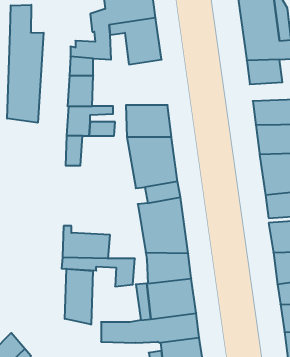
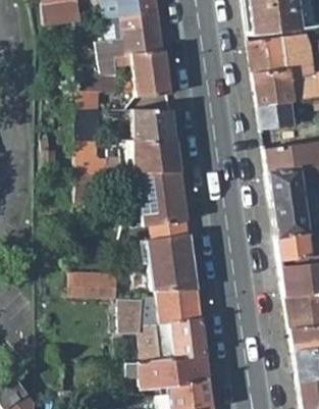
building: [7,5,44,123] -> none
building: none -> [134,110,176,141]
building: [65,269,93,325] -> none

